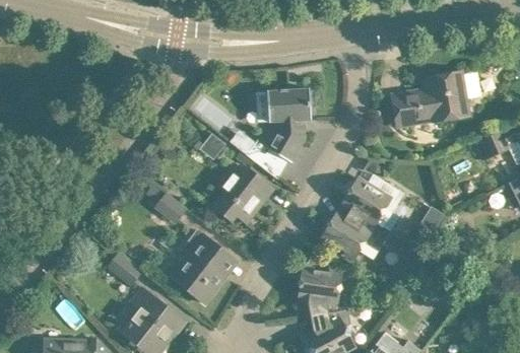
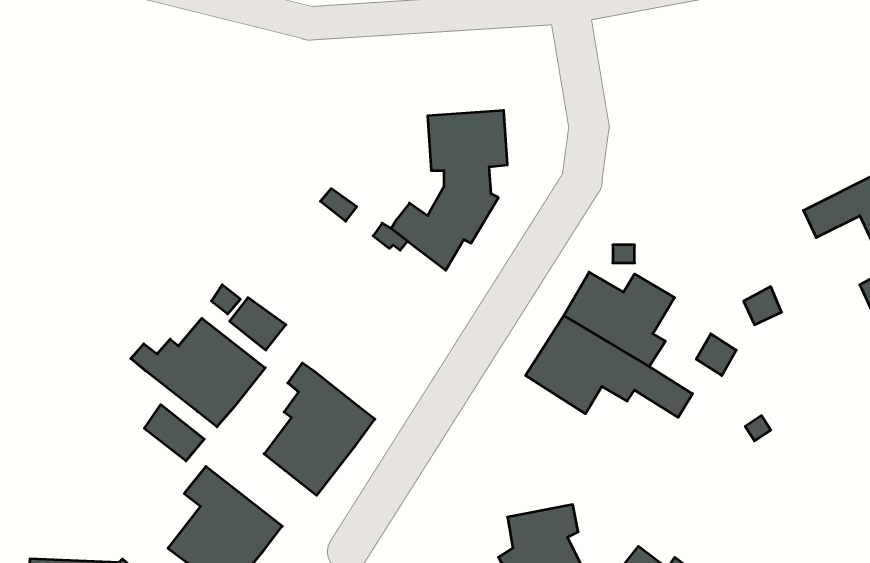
building: [391,72,478,126] -> none
building: [211,164,272,223] -> none
building: none -> [131,318,265,427]
building: [297,268,346,315] -> none

